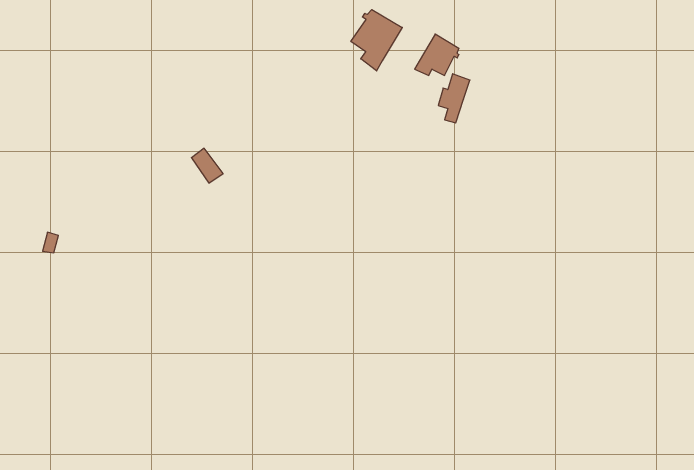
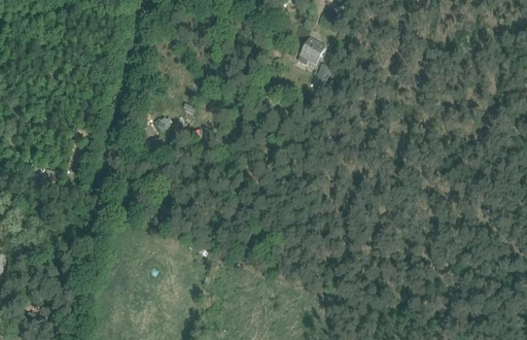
building: [351,10,402,71] -> none

